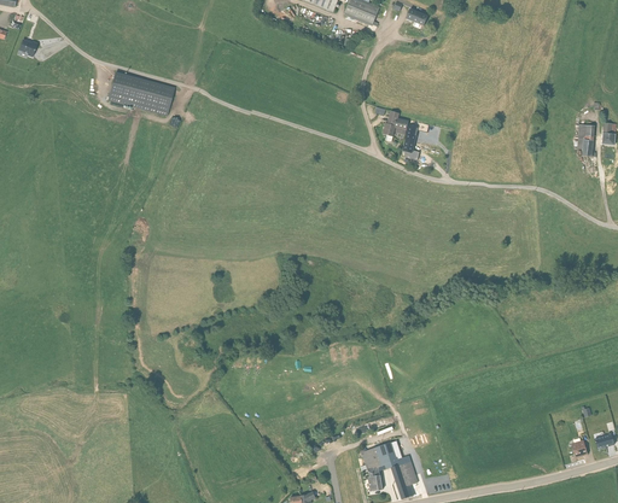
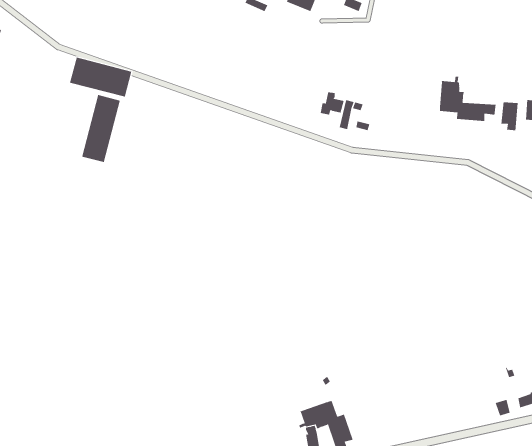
building: none -> [439,76,496,122]
building: none -> [81,94,121,163]

